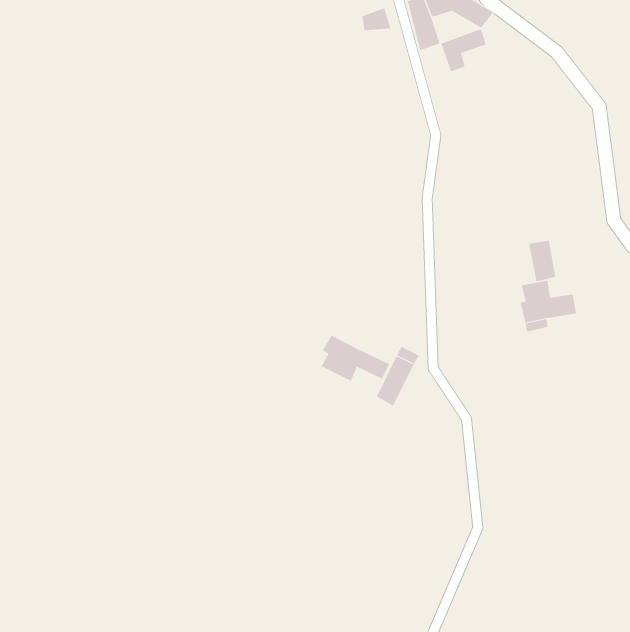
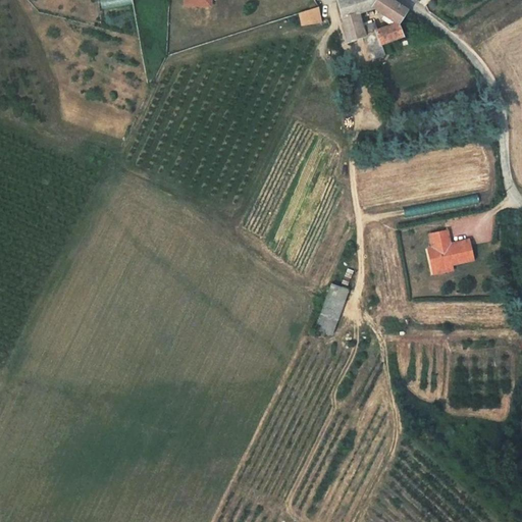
building: [529,240,556,282] -> none
building: [321,335,390,381] -> none

